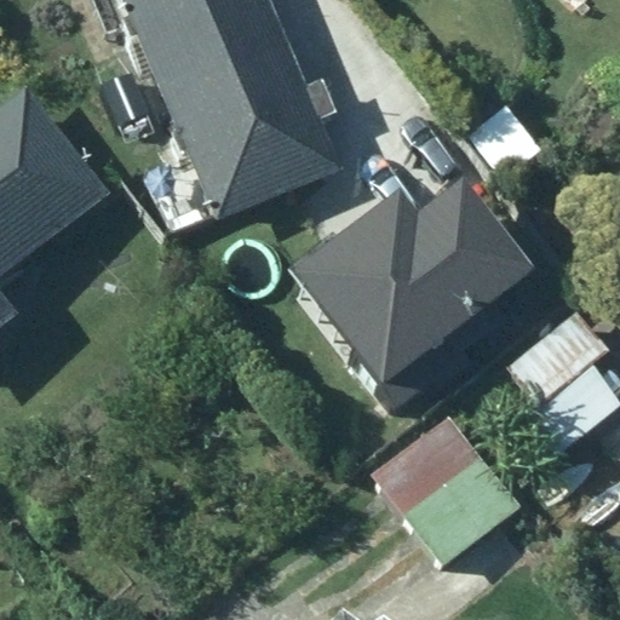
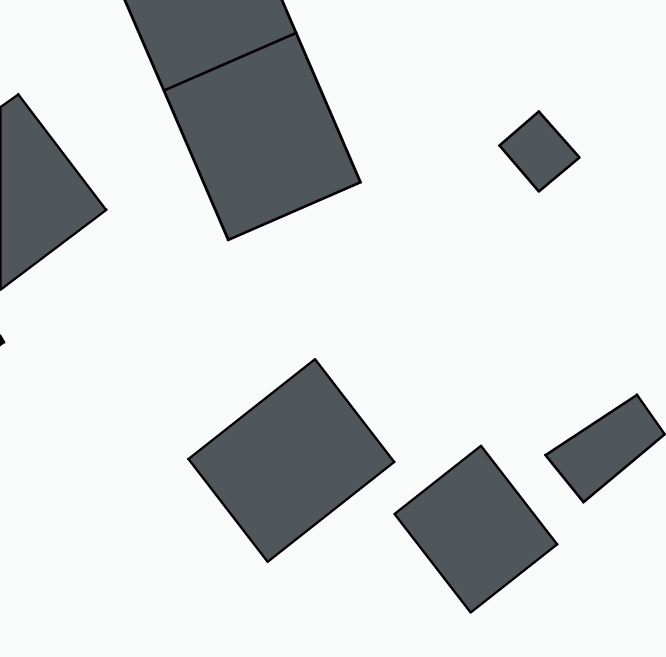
building: [305,154,545,385] -> none
building: none -> [188,359,394,562]

